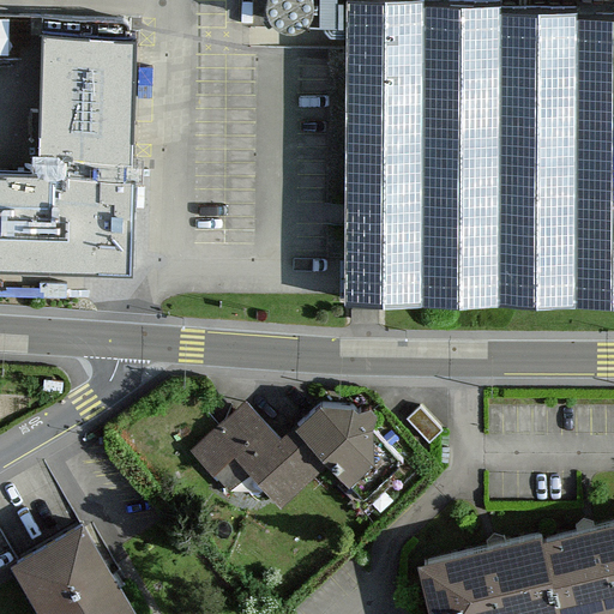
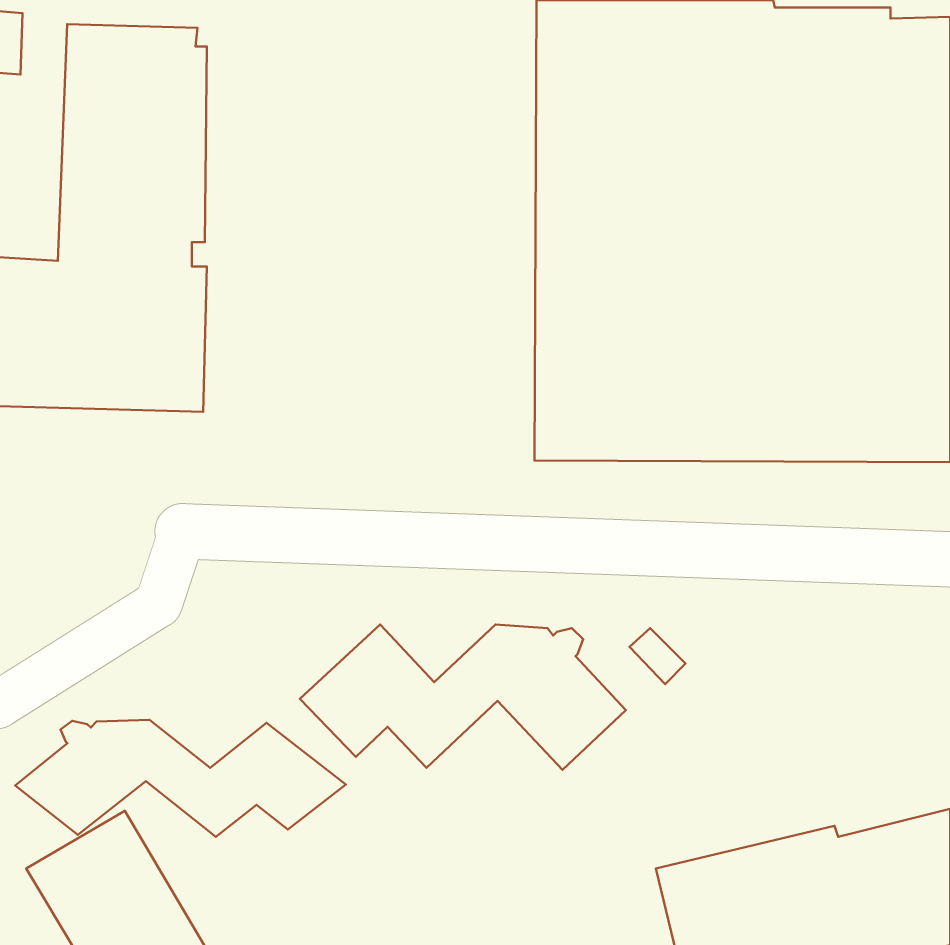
building: none -> [15,720,346,837]

